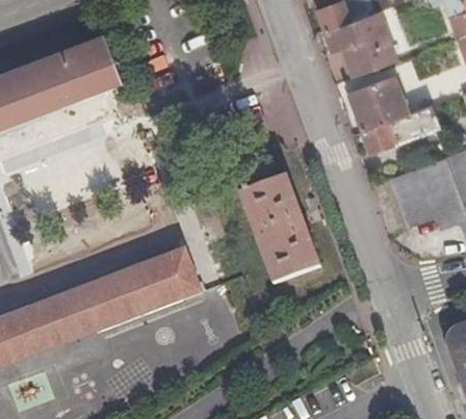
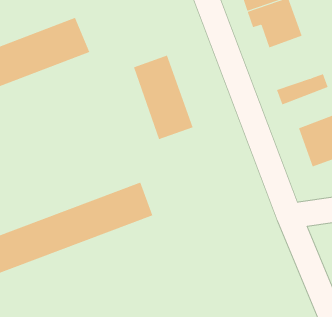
building: [347,74,408,128] -> none
building: [243,173,320,281] -> [133,55,194,140]

